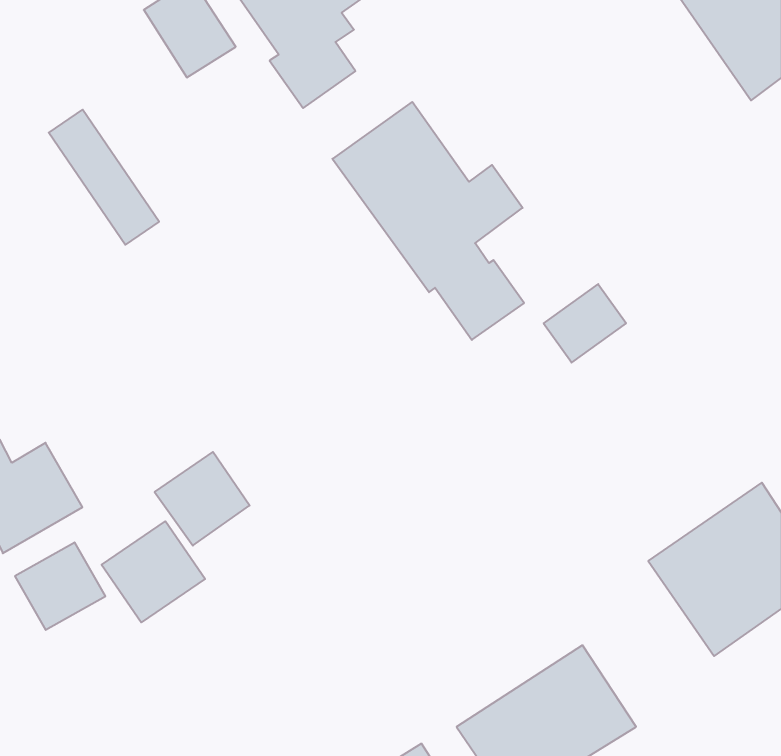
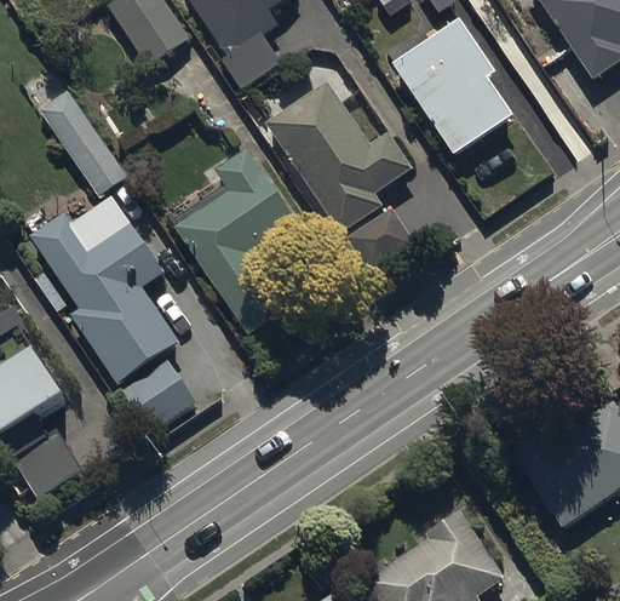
building: none -> [391,18,512,156]
building: none -> [173,150,294,333]
building: none -> [31,196,177,383]
building: [544,284,626,363] -> none
building: [102,521,205,622] -> none

